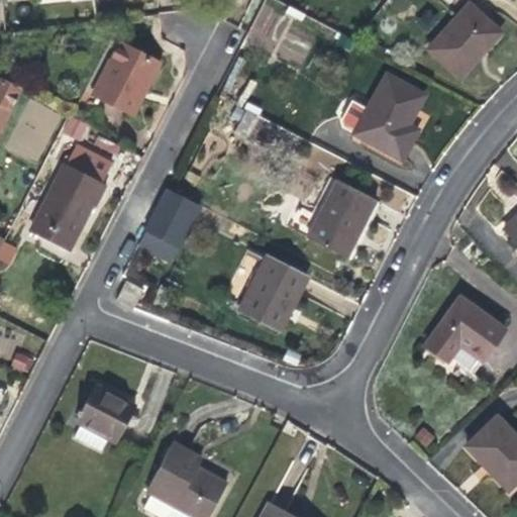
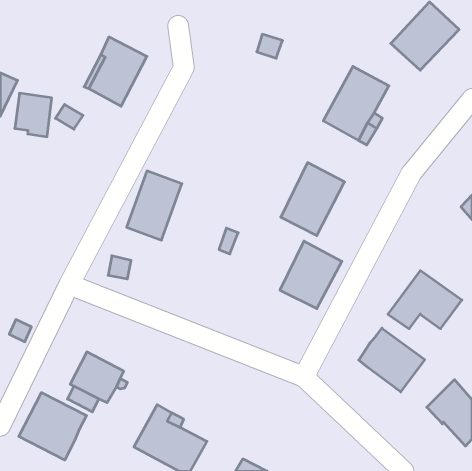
building: [31,143,112,249] -> none
building: [239,254,307,328] -> [280,241,342,309]
building: none -> [359,328,425,392]
building: none -> [19,393,87,460]

